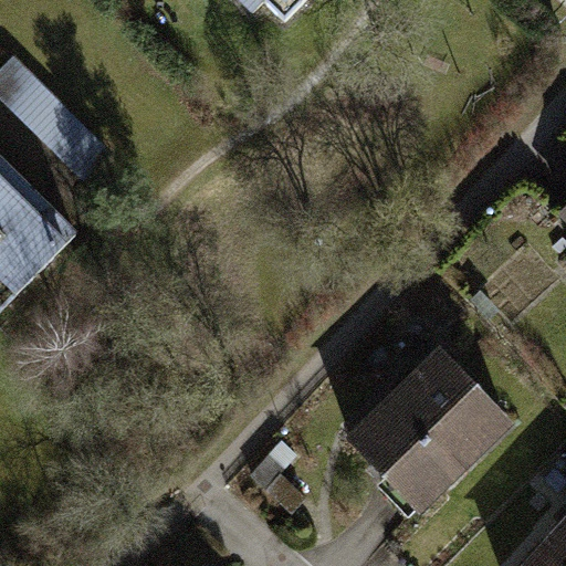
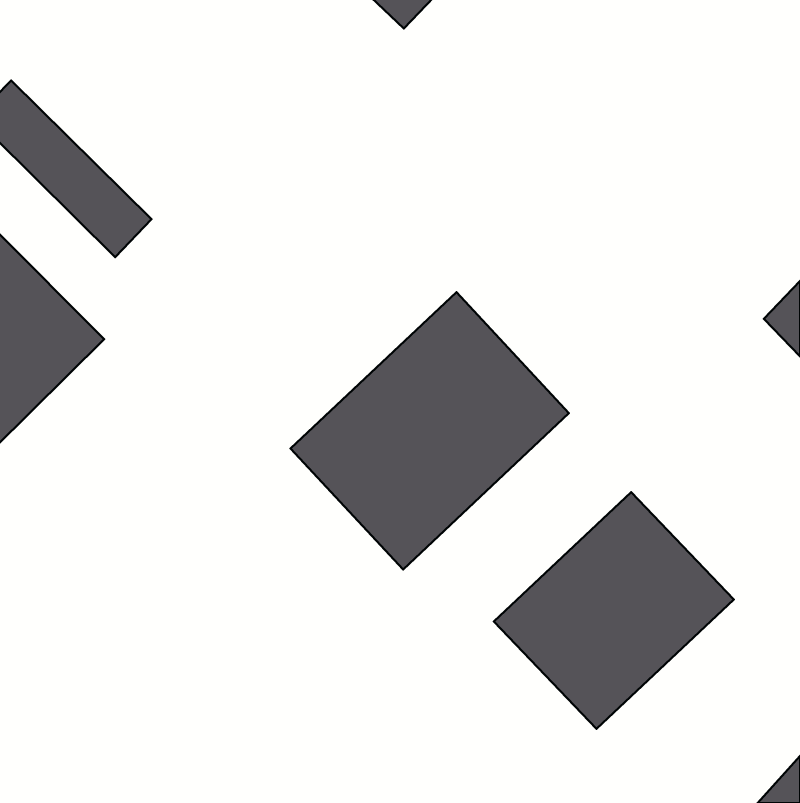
building: none -> [290,292,569,570]

